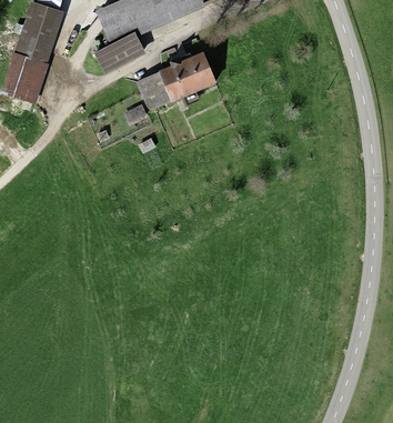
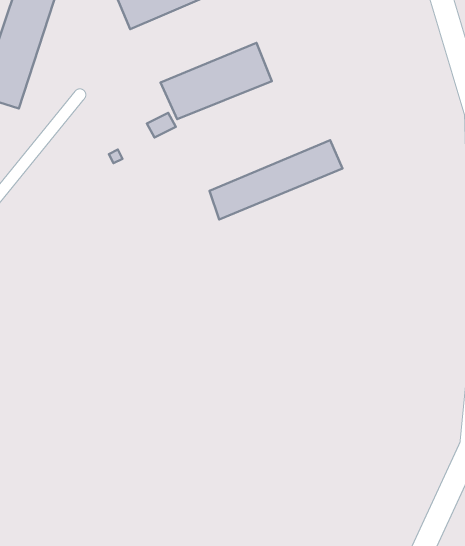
building: [97,32,144,69] -> none
building: none -> [209,140,342,220]

